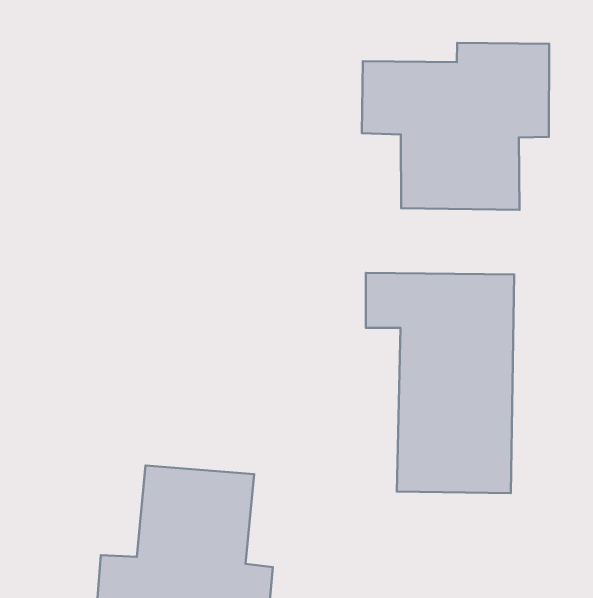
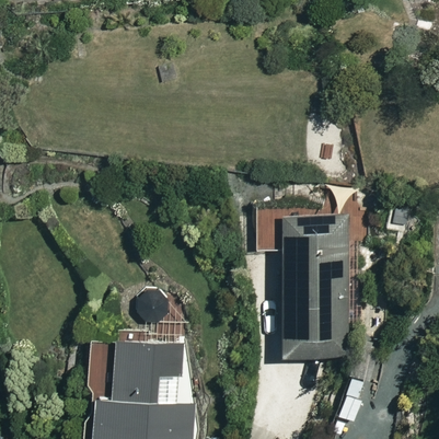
building: [362,43,549,210] -> none

